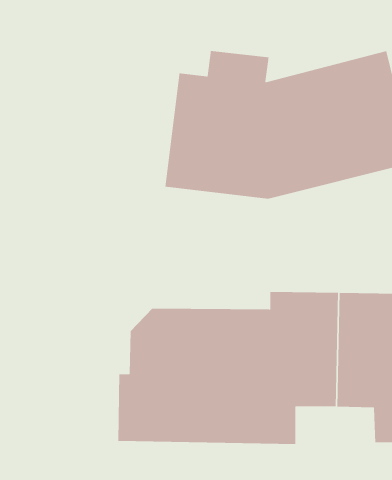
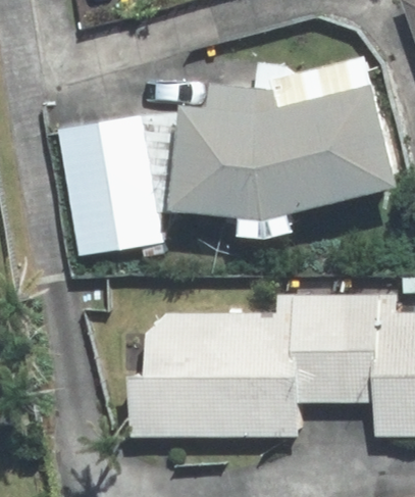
building: none -> [58,116,158,257]

